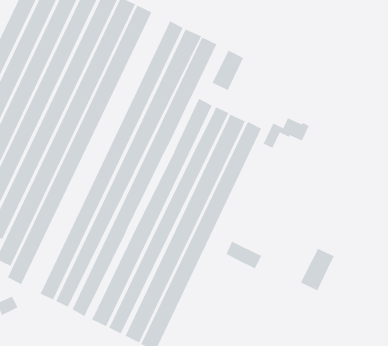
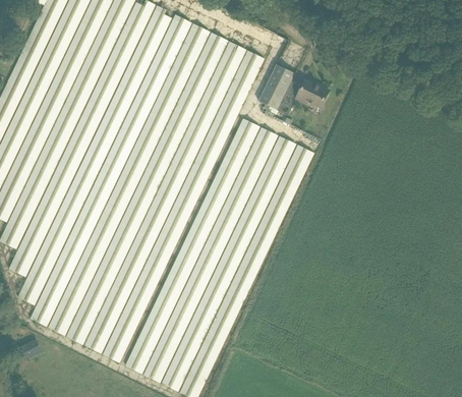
building: none -> [47,22,209,334]
building: [263,117,309,149] -> [276,80,328,115]
building: [226,241,262,269] -> none
building: [300,248,334,291] -> none

